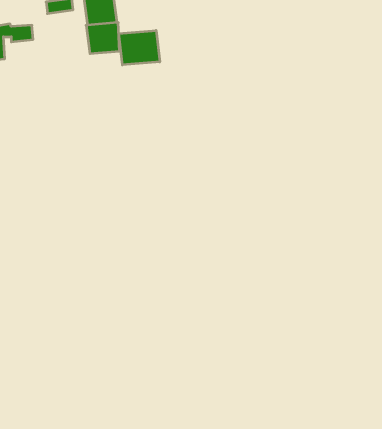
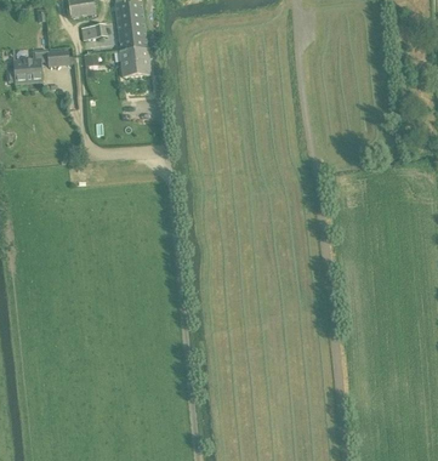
building: [119,30,160,65] -> none

